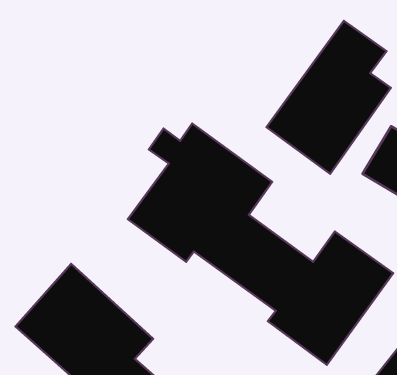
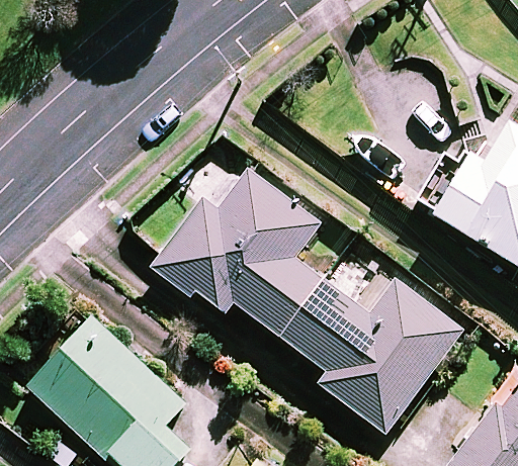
building: [267,21,391,174] -> none

